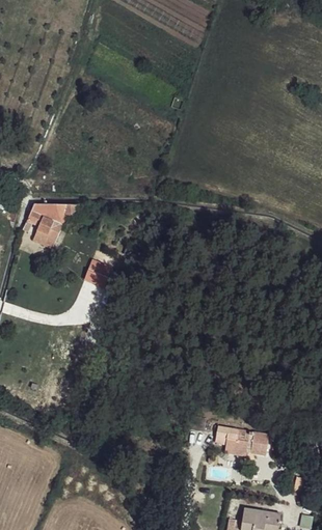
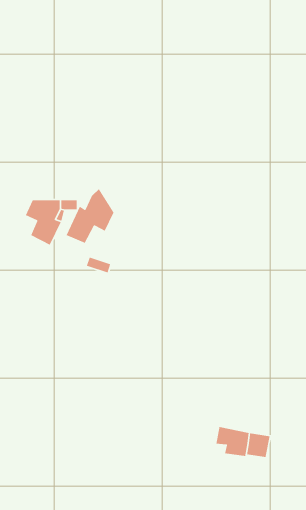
building: none -> [65,188,115,244]

